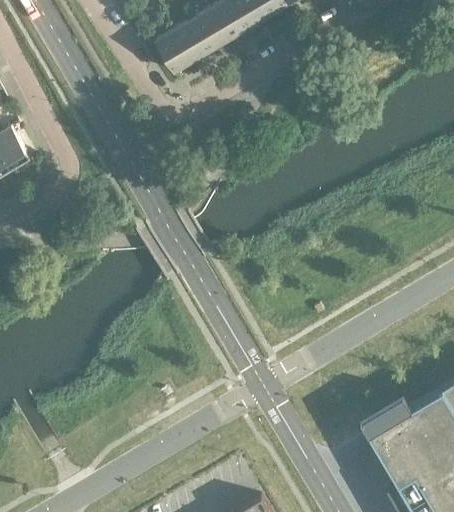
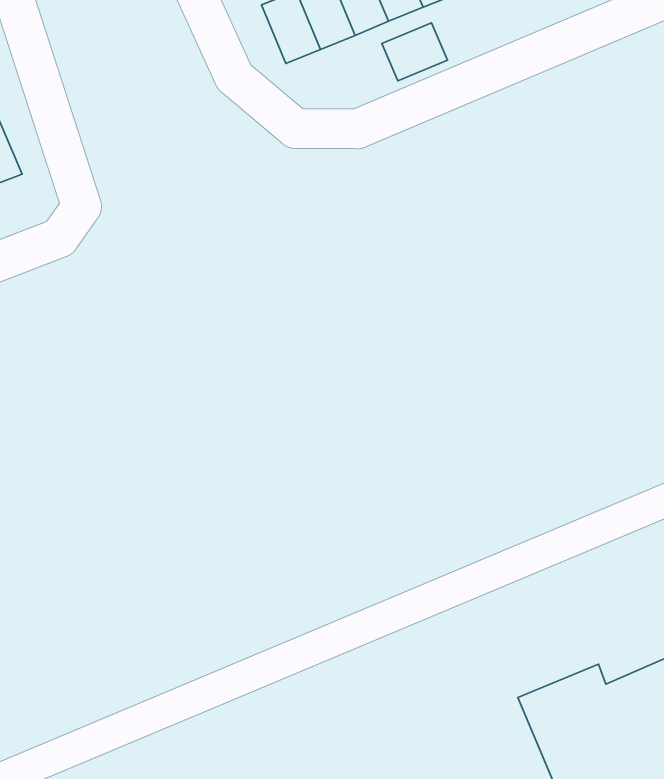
building: none -> [382,23,448,81]

